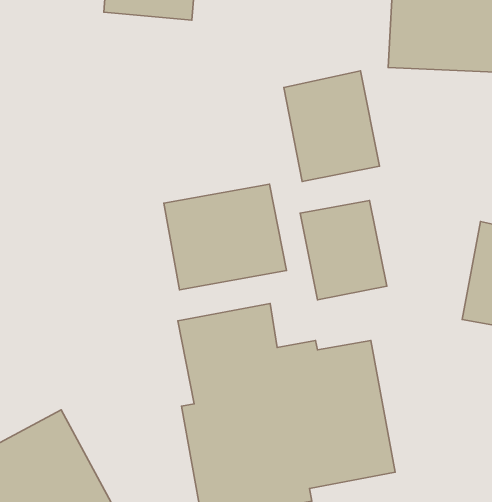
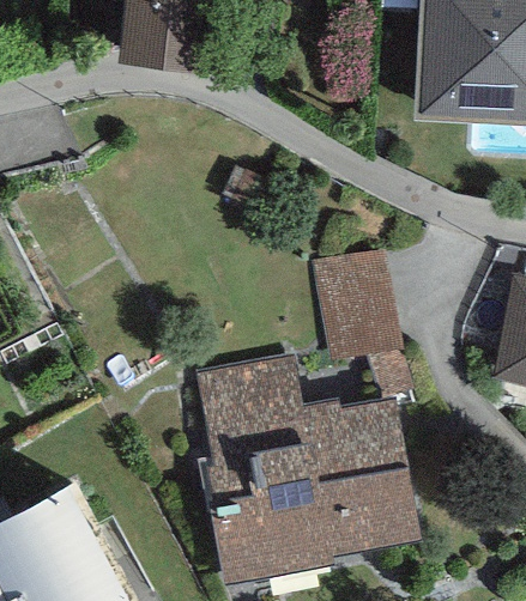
building: [284,71,379,182] -> none
building: [164,184,286,290] -> none

